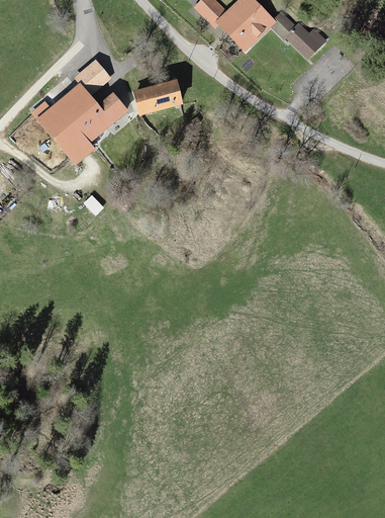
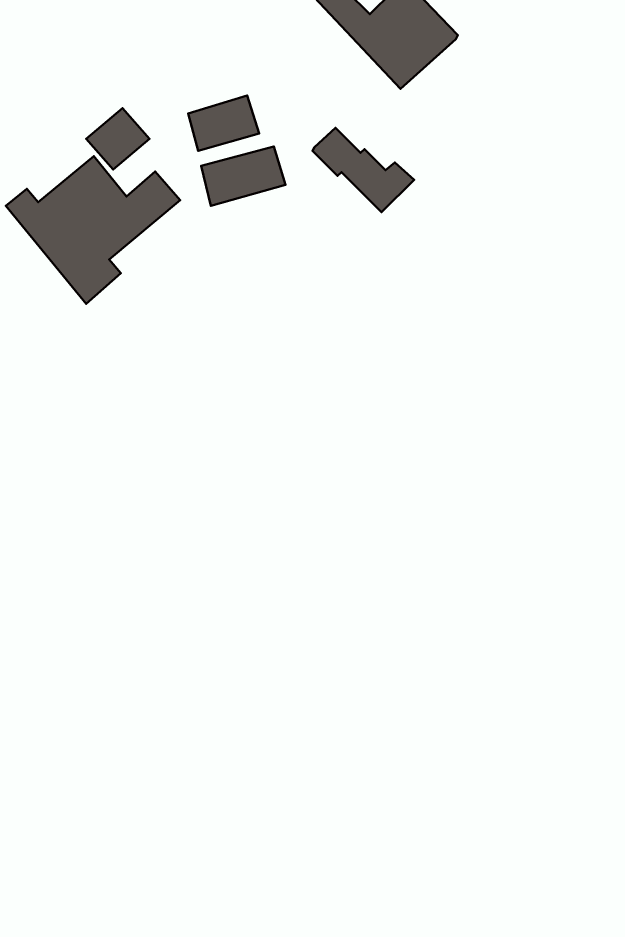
building: [271,12,324,57] -> [313,128,414,212]
building: none -> [188,96,259,151]

